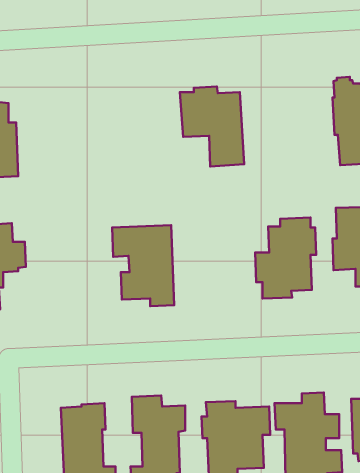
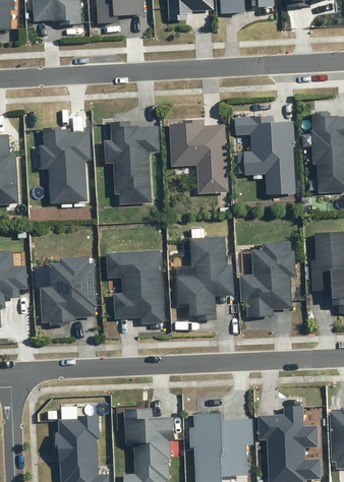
building: none -> [235,116,295,195]
building: none -> [105,121,160,204]
building: none -> [38,127,90,202]
building: none -> [176,236,234,320]
building: none -> [40,256,98,323]

